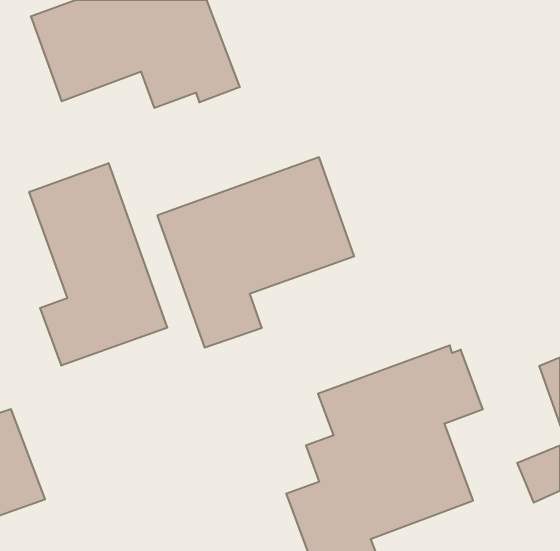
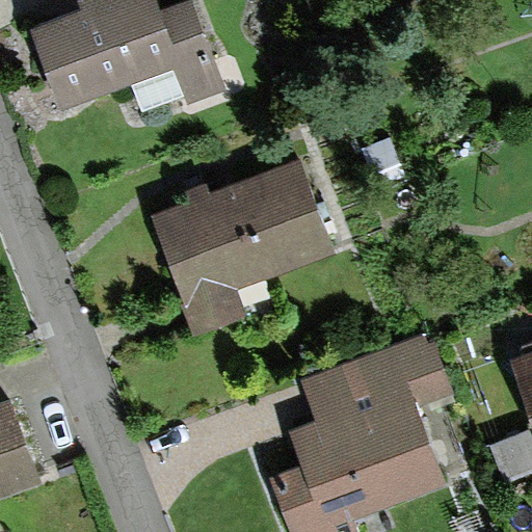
building: [29,163,167,366] -> none

